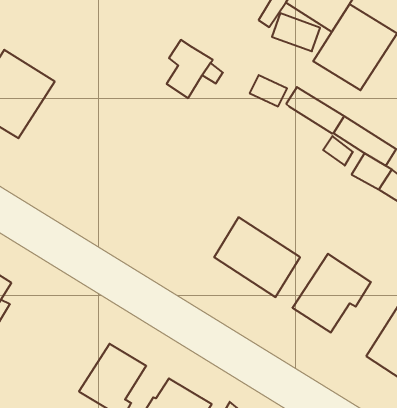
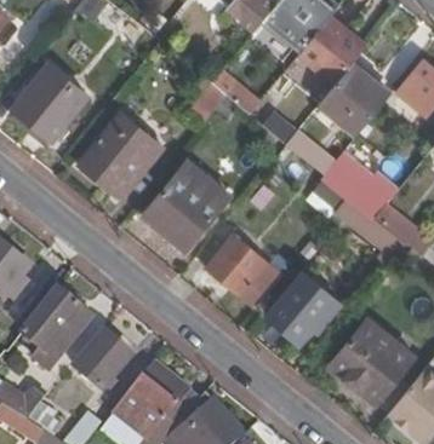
building: none -> [79,113,164,196]
building: none -> [144,168,223,248]
building: none -> [23,286,91,368]

